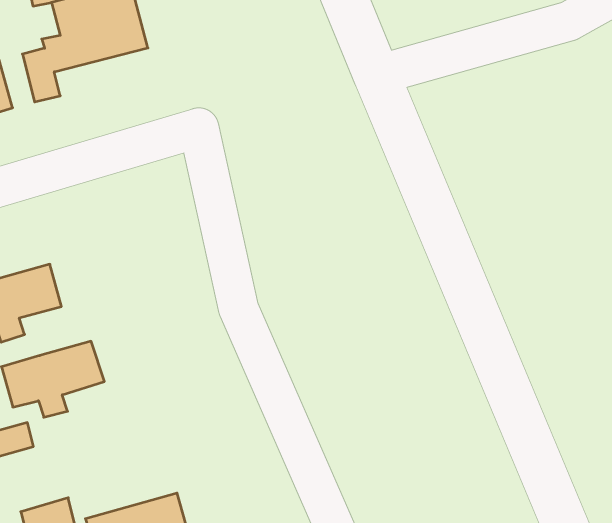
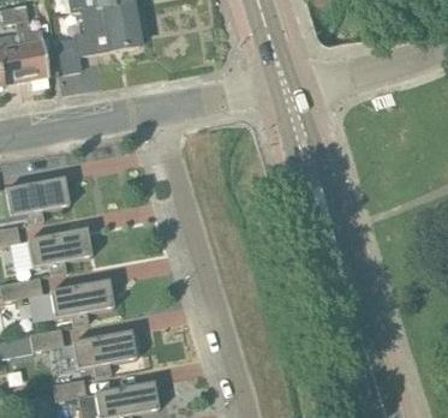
building: none -> [49,279,113,324]

